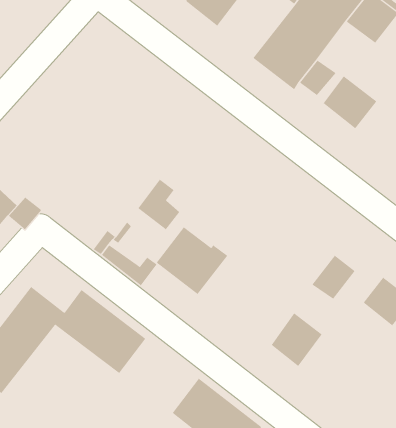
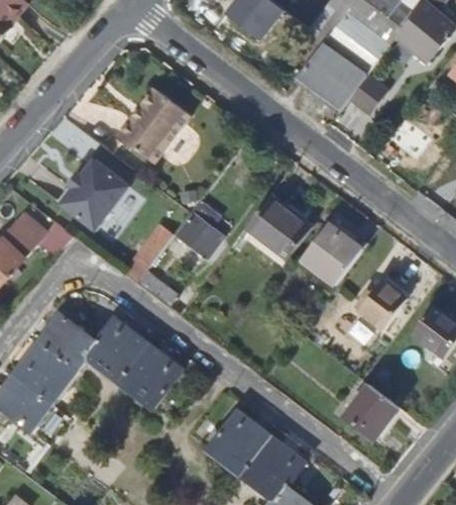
building: none -> [116,86,188,162]
building: [323,76,377,129] -> none
building: none -> [60,160,126,228]
building: none -> [304,225,363,285]
building: [156,226,228,295] -> [240,196,317,269]
building: [271,312,322,367] -> [343,381,397,438]

